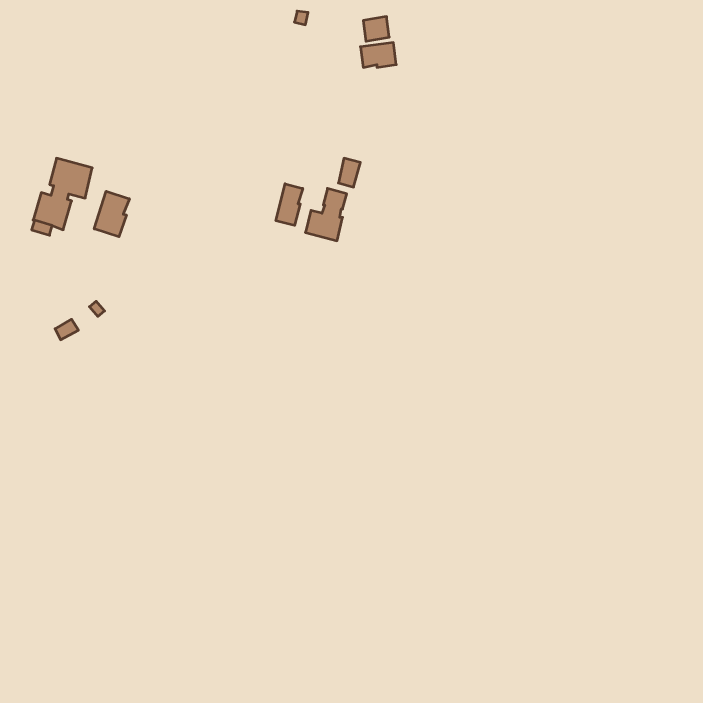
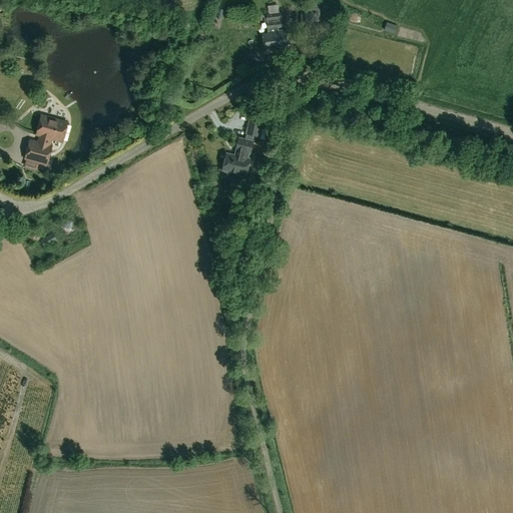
building: [276,184,303,225] -> none
building: [94,191,129,237] -> none

